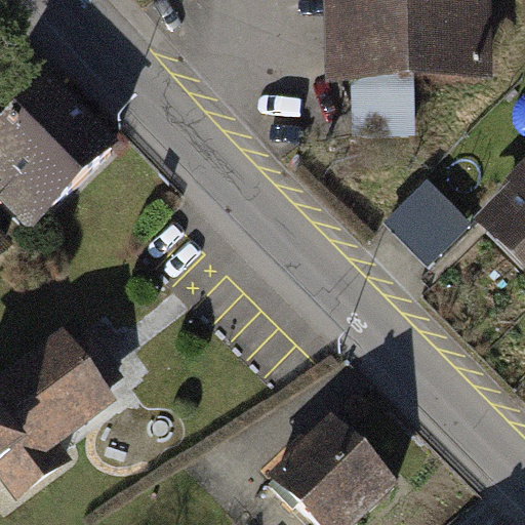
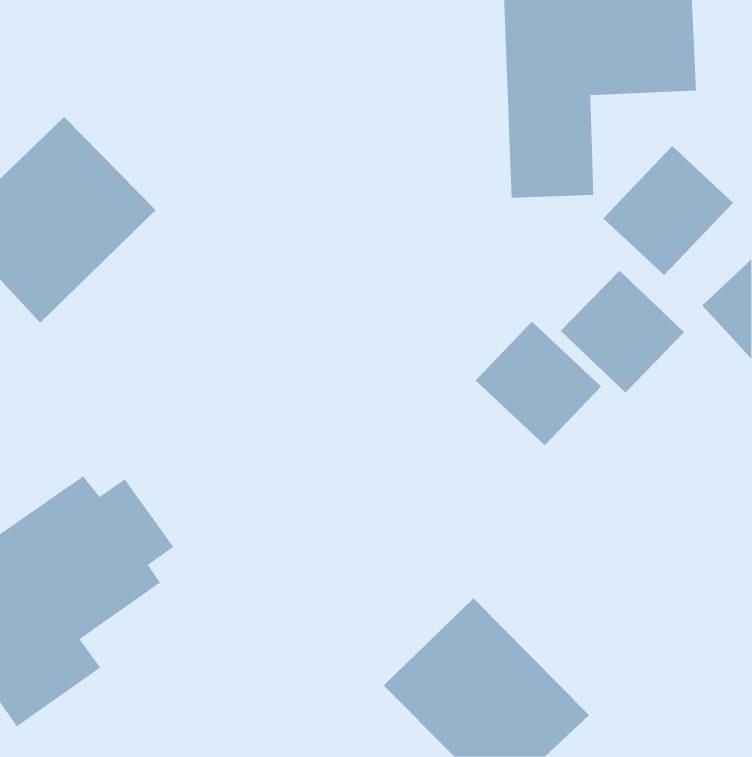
building: none -> [603,145,734,276]
building: none -> [475,321,602,446]

